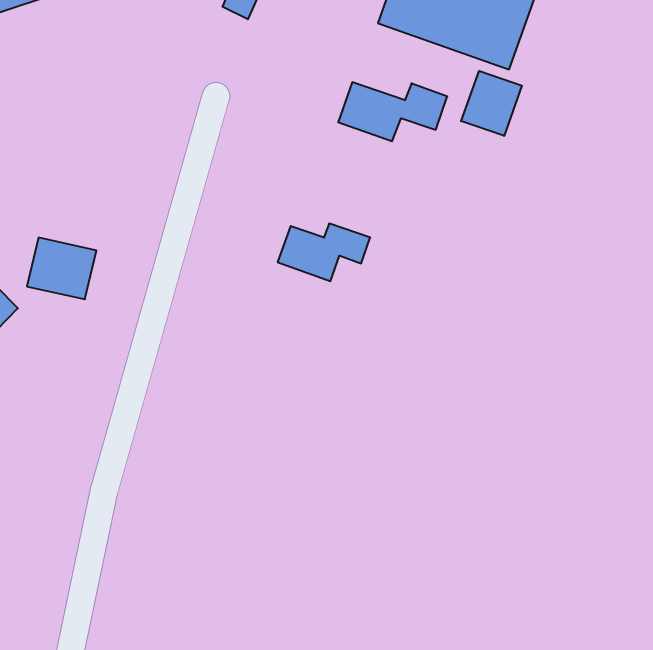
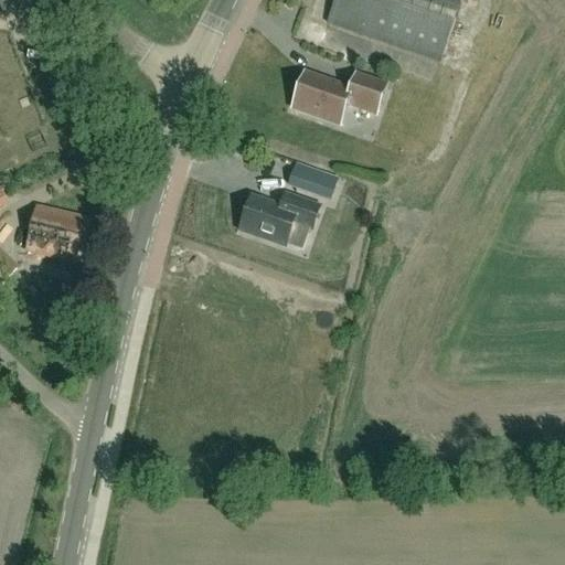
building: [461,71,522,136] -> none
building: none -> [286,159,335,196]

